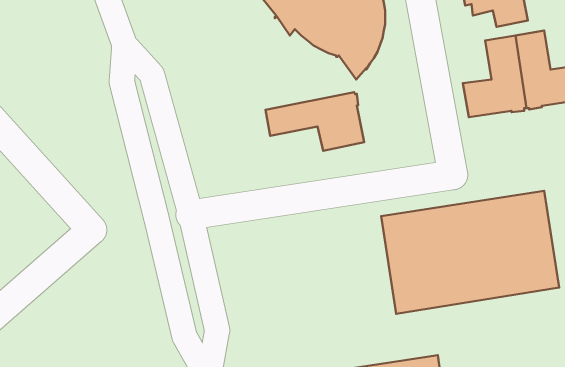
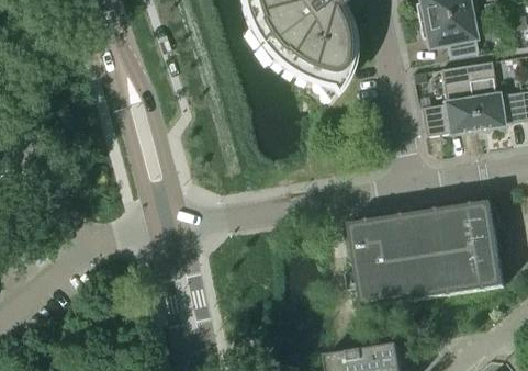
building: [266,92,364,151] -> none

